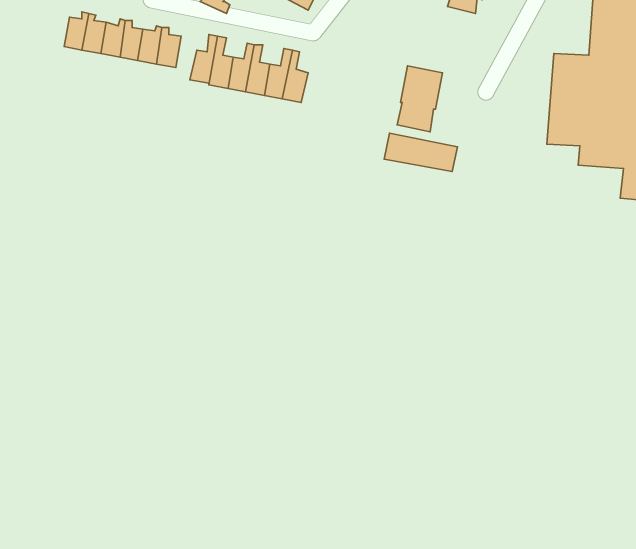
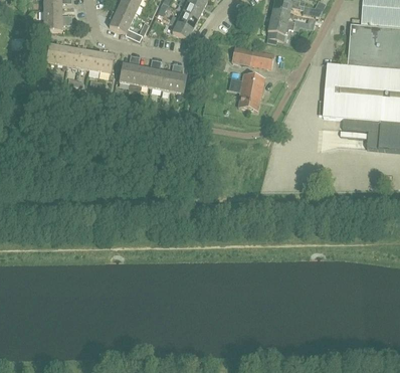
building: [384,133,457,171] -> [231,45,273,67]

